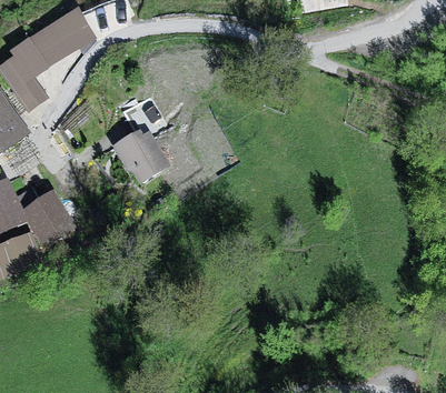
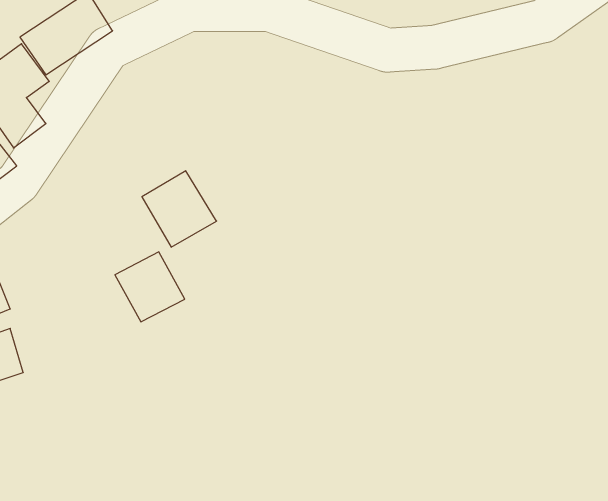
building: [22,194,70,242] -> [115,252,185,322]

